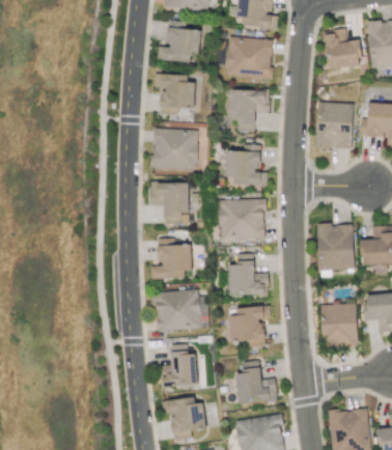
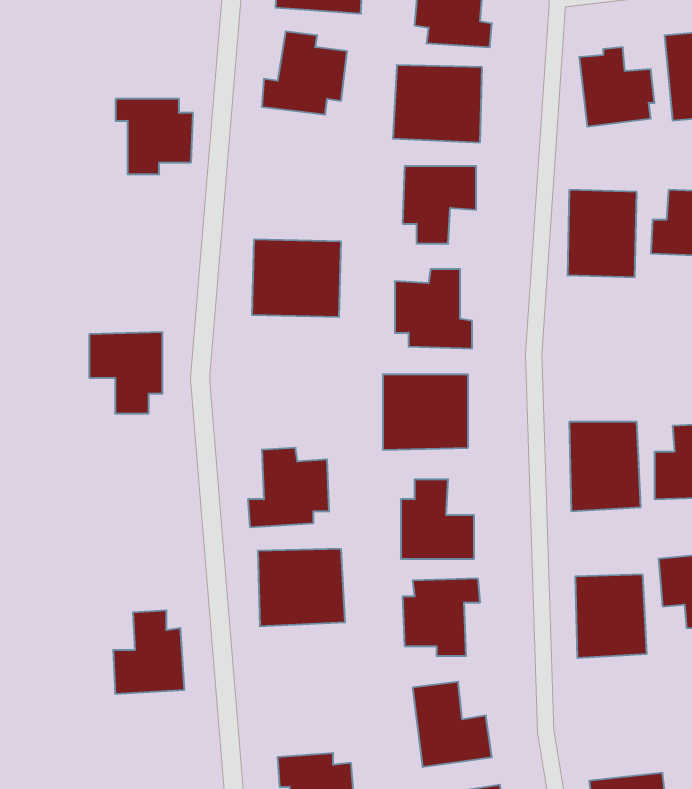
building: [155,75,195,114] -> [116,99,193,174]
building: [150,181,189,224] -> [89,332,163,413]
building: [160,344,197,388] -> [113,610,184,694]

